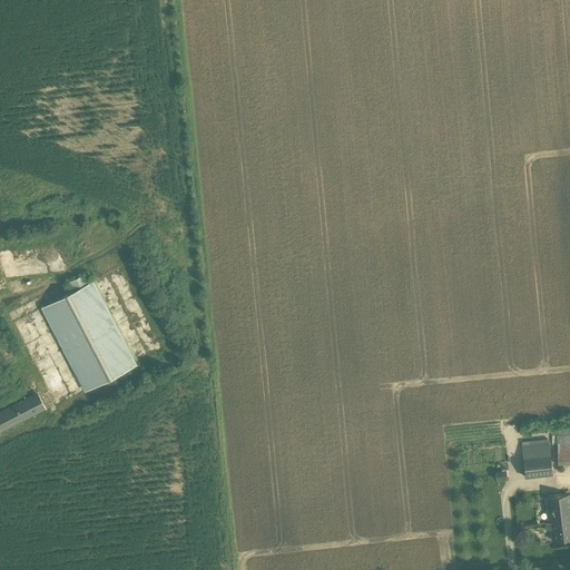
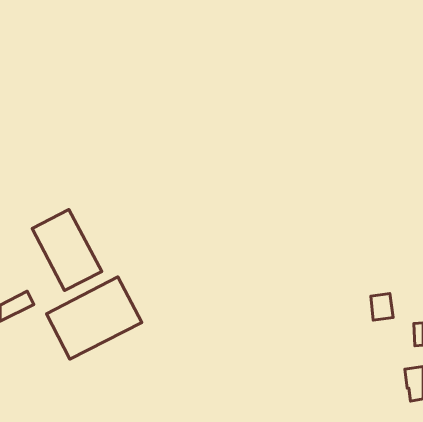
building: none -> [46,277,142,359]
building: [522,443,552,479] -> [371,294,393,320]

